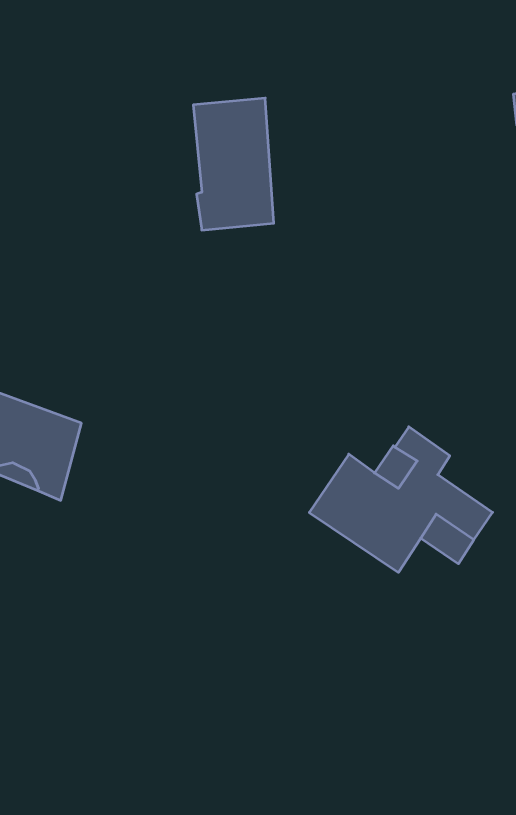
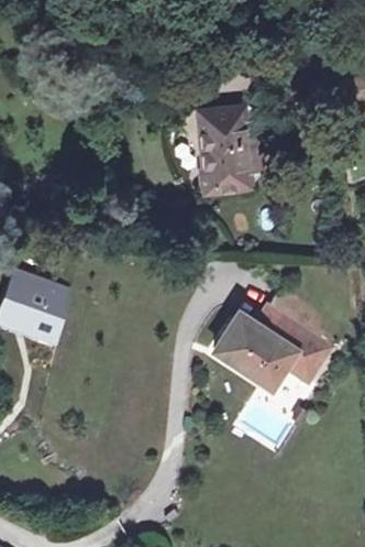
building: [193,98,274,230] -> [196,110,247,195]

